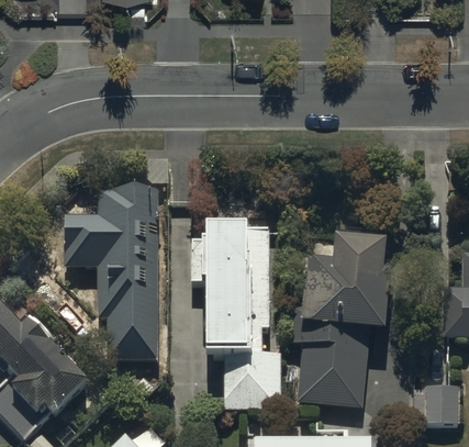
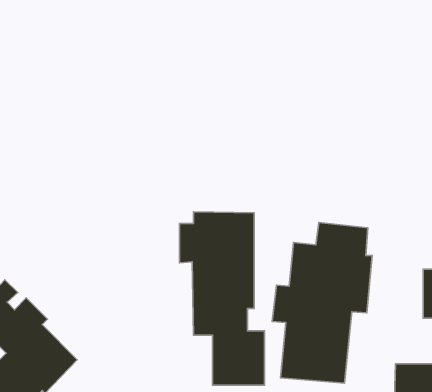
building: [64,190,157,359] -> none

